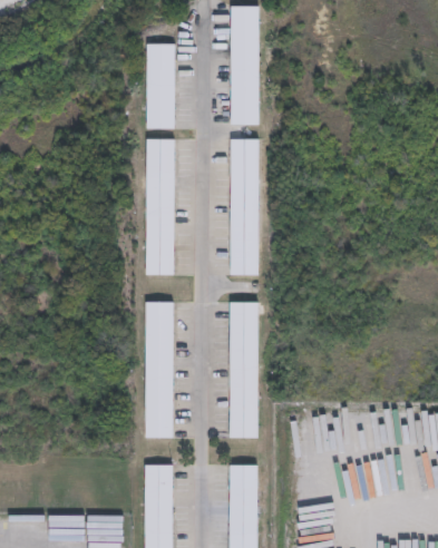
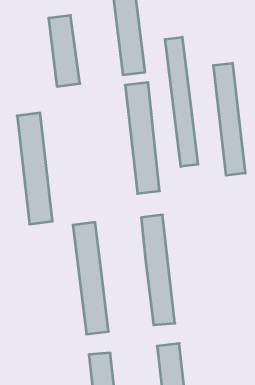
building: none -> [165,37,198,167]
building: none -> [213,63,245,175]
building: [145,139,175,275] -> [17,113,52,224]

